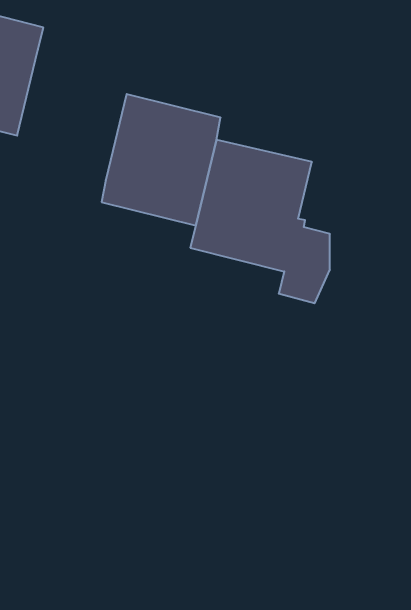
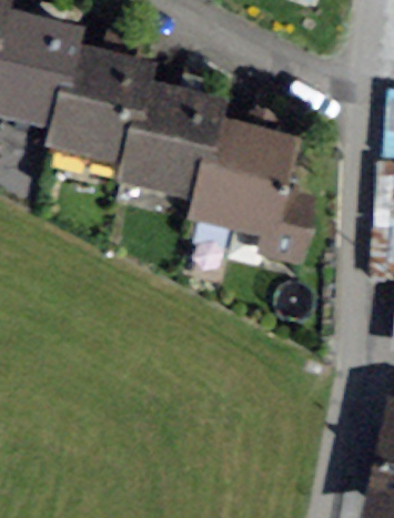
building: none -> [49,53,145,158]

